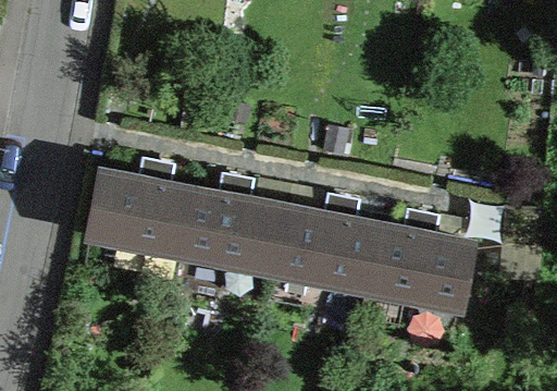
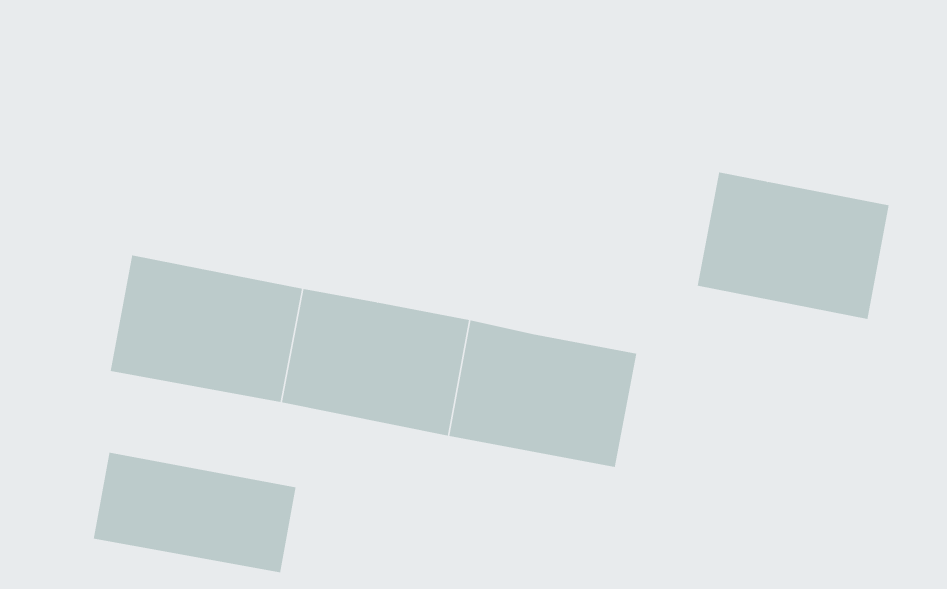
building: [368,224,474,306] -> [697,172,890,319]
building: none -> [93,452,296,573]

